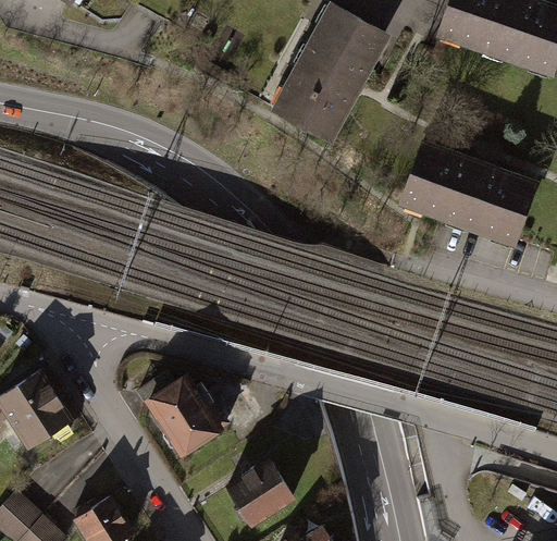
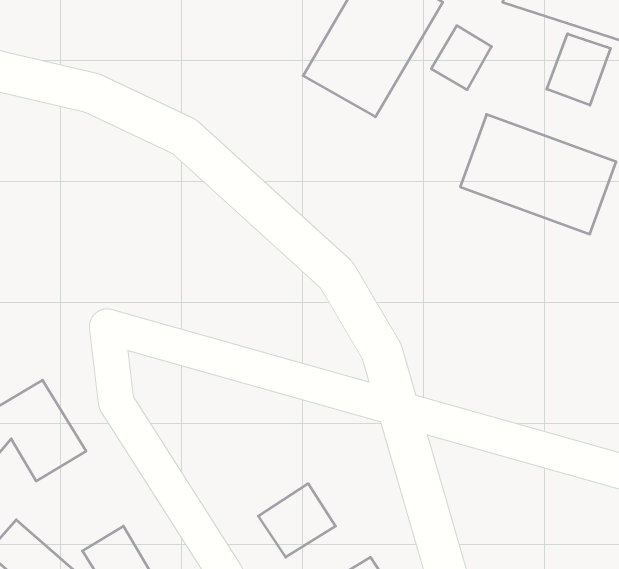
building: none -> [431,26,492,90]
building: none -> [547,34,611,105]
building: [147,377,221,456] -> none

